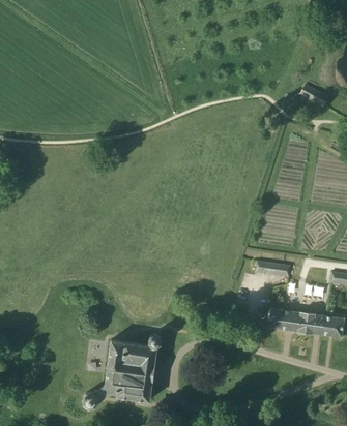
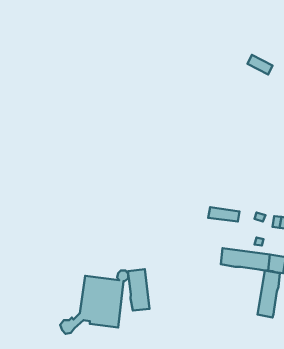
building: none -> [128,269,150,310]
building: none -> [257,270,280,317]

